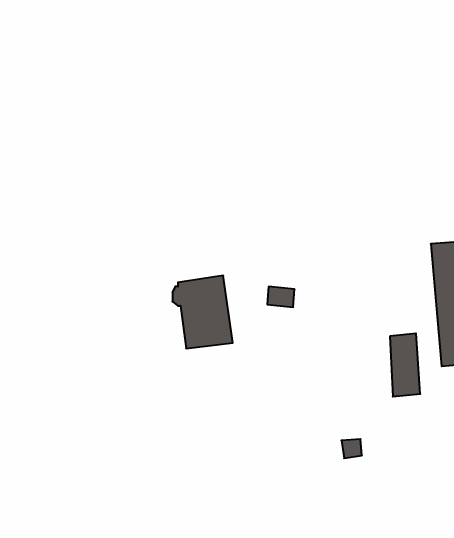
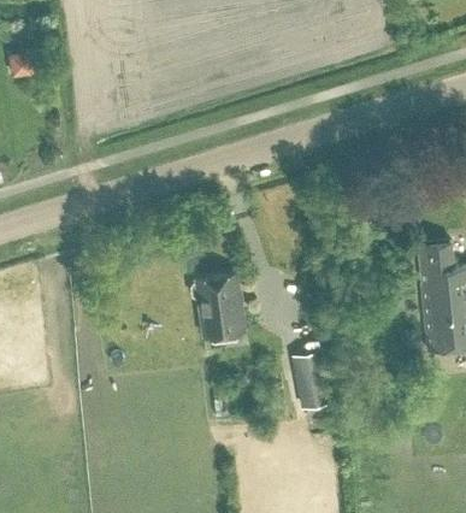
building: [390,333,420,397] -> [291,354,318,409]

